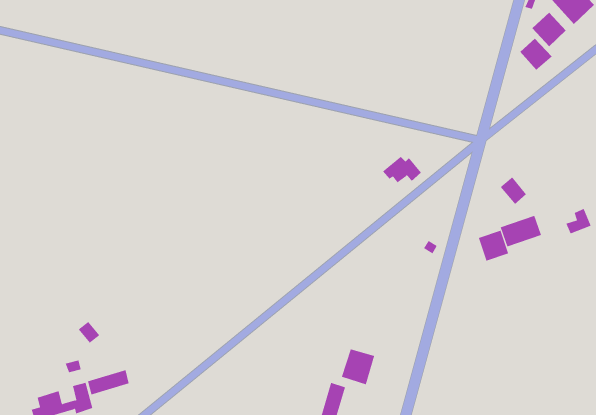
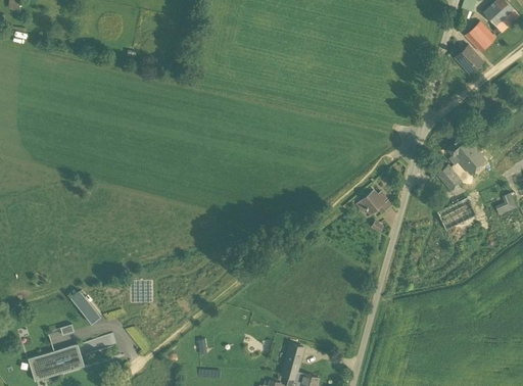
building: none -> [446,134,486,175]
building: [382,156,422,183] -> [356,191,391,214]
building: [478,230,509,262] -> none
building: [341,349,375,385] -> none

